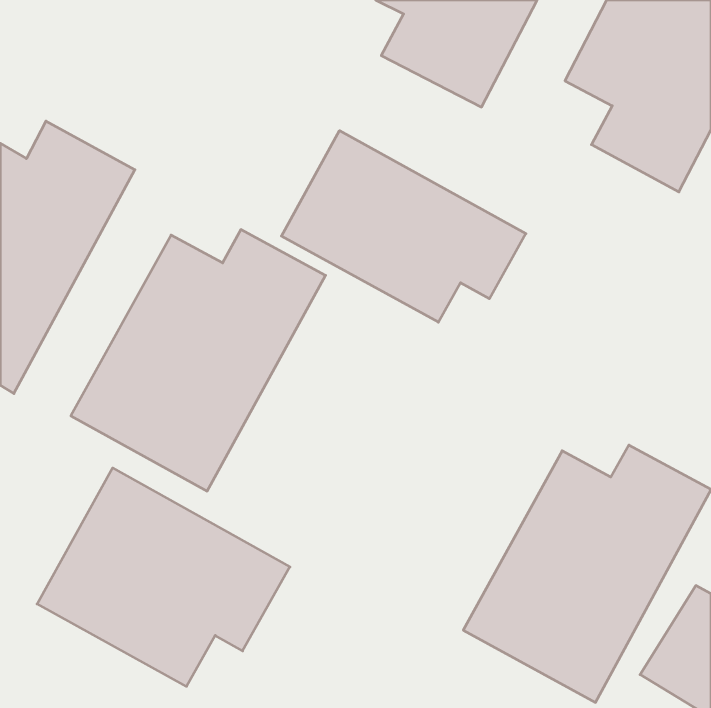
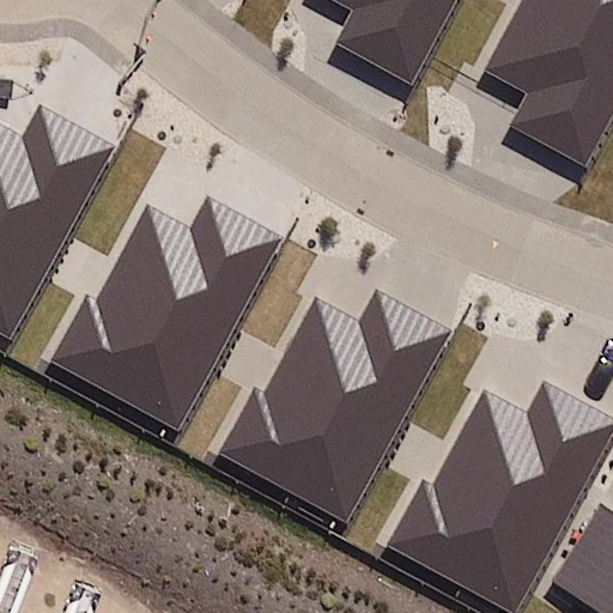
building: [281,131,526,322] -> none
building: none -> [230,293,447,516]
building: [37,468,290,686] -> none

